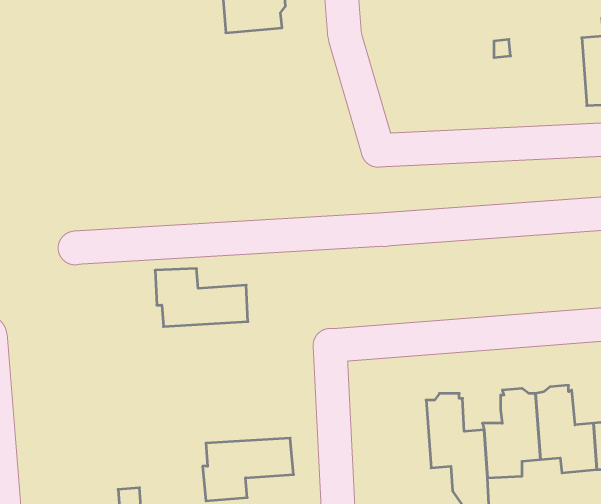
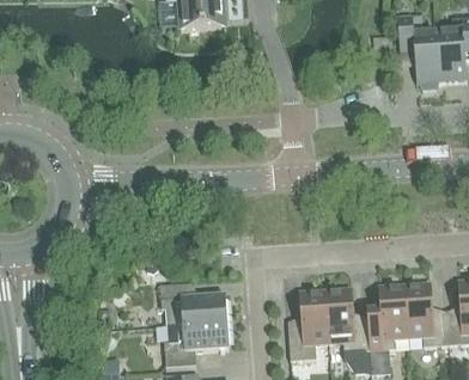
building: none -> [397,14,441,90]
building: [155,269,248,327] -> [160,282,227,324]
building: none -> [287,290,329,360]

